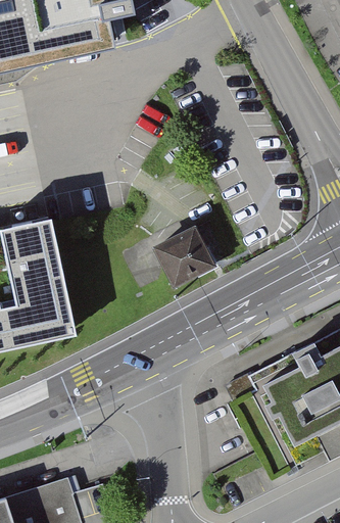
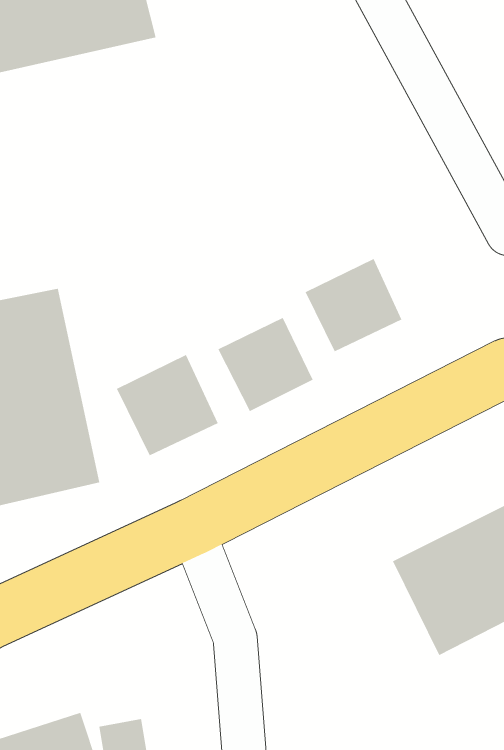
building: none -> [305,258,402,352]
building: none -> [116,354,218,456]

